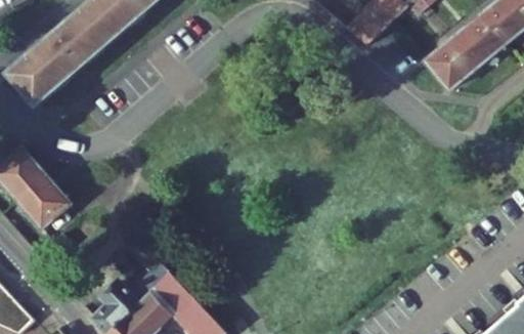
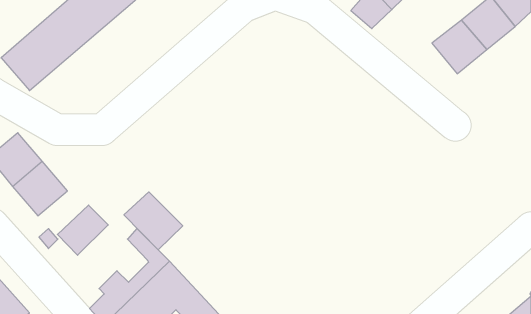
building: none -> [124,192,183,250]
building: none -> [57,205,108,255]

